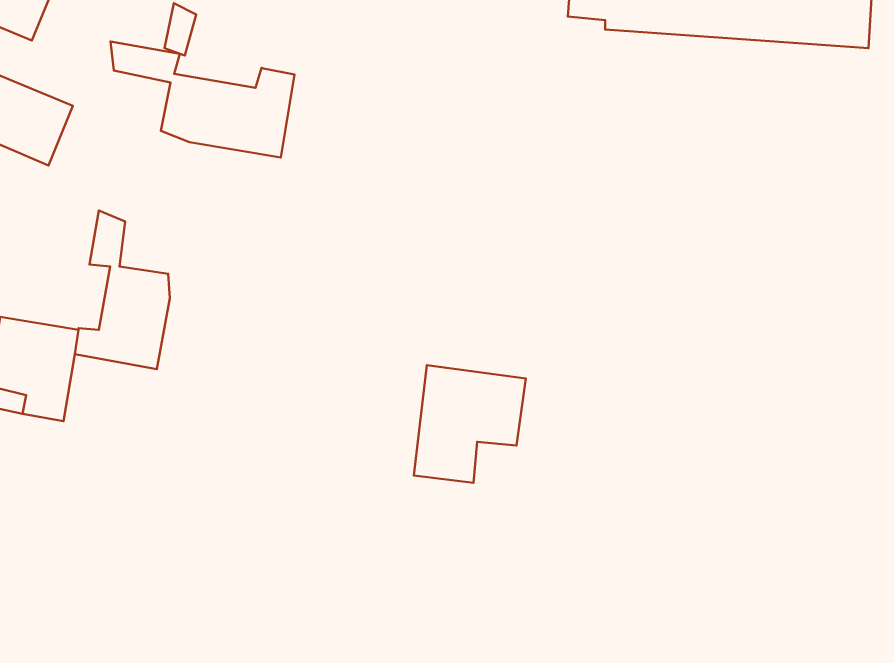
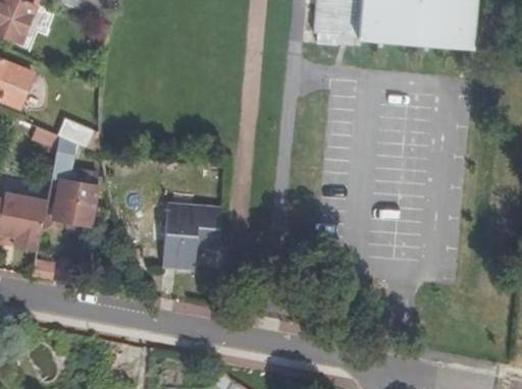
building: [110,41,295,157] -> none
building: [414,365,526,483] -> [161,205,222,269]

